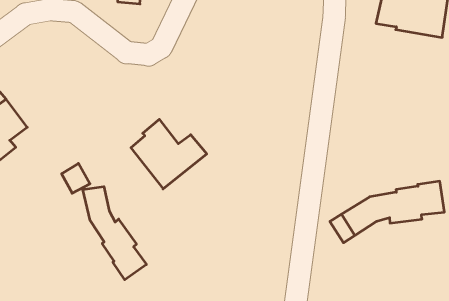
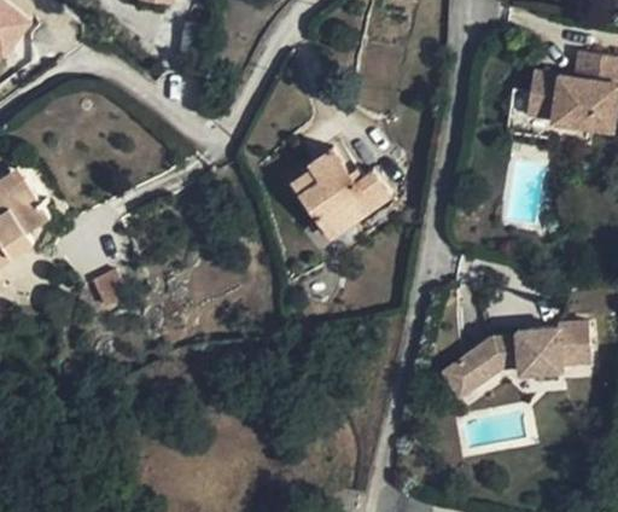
building: [131,119,207,189] -> [292,147,391,239]
building: [83,187,146,280] -> none

